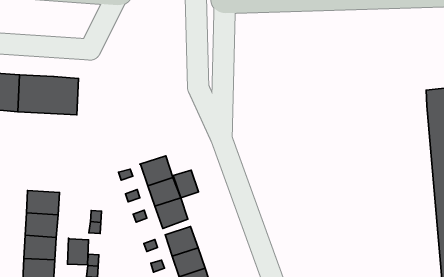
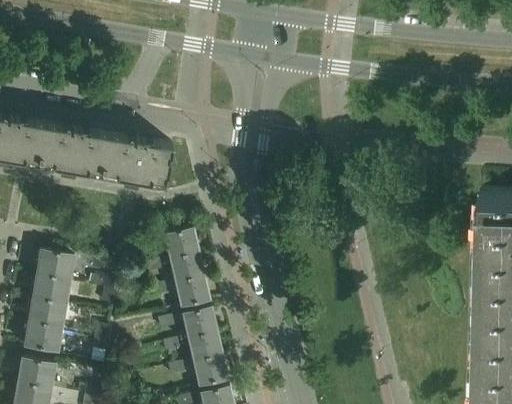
building: none -> [102,135,172,185]
building: [173,170,198,198] -> none
building: [67,238,88,265] -> none

